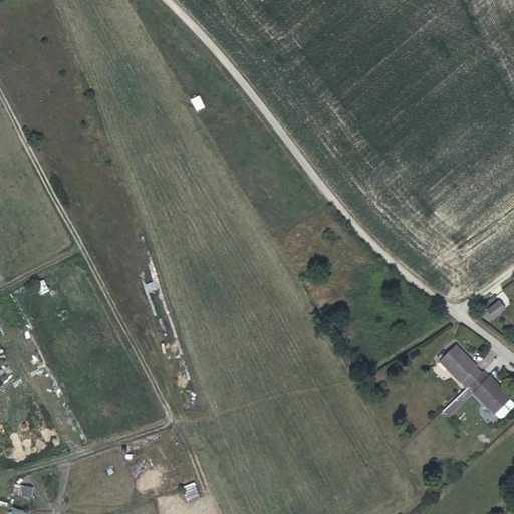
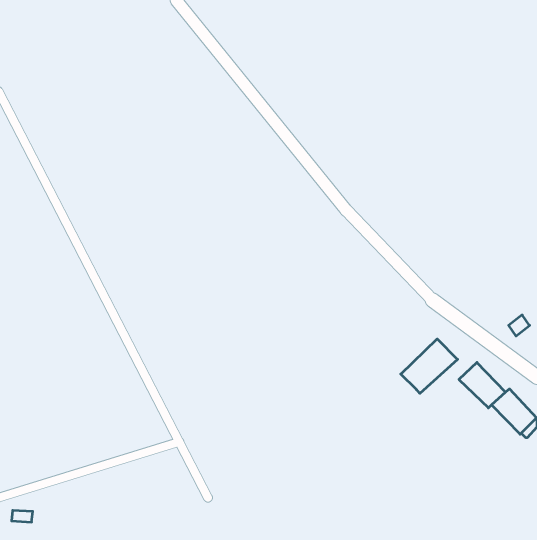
building: none -> [401,339,458,393]

